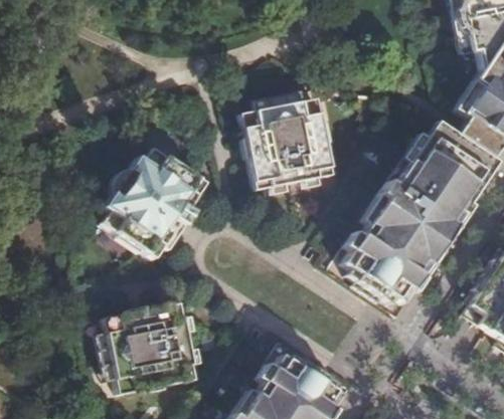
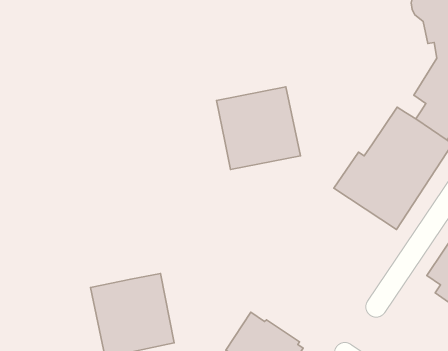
building: [101,150,204,260] -> none
building: [333,211,437,317] -> none

